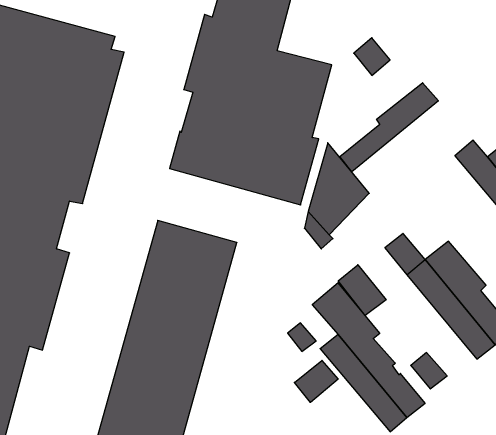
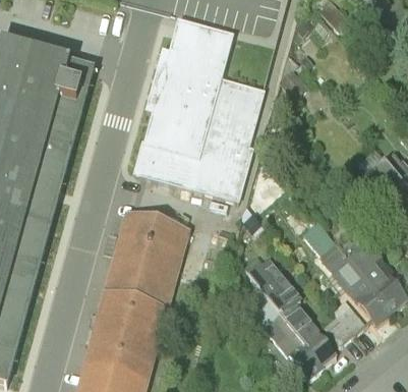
building: [340,83,438,172] -> none
building: [338,265,386,316] -> none
building: none -> [333,299,365,334]
building: [294,360,338,402] -> none

